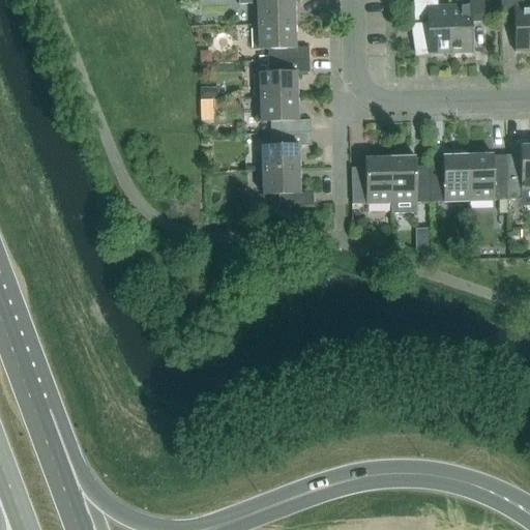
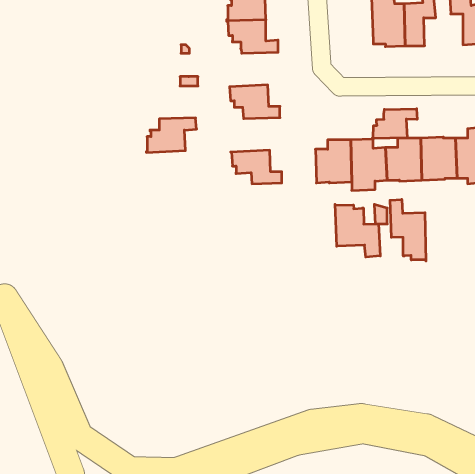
building: [256,58,312,96] -> none
building: none -> [372,109,417,139]
building: [258,130,314,169] -> [146,118,197,152]
building: none -> [390,199,426,261]
building: none -> [335,204,380,257]

